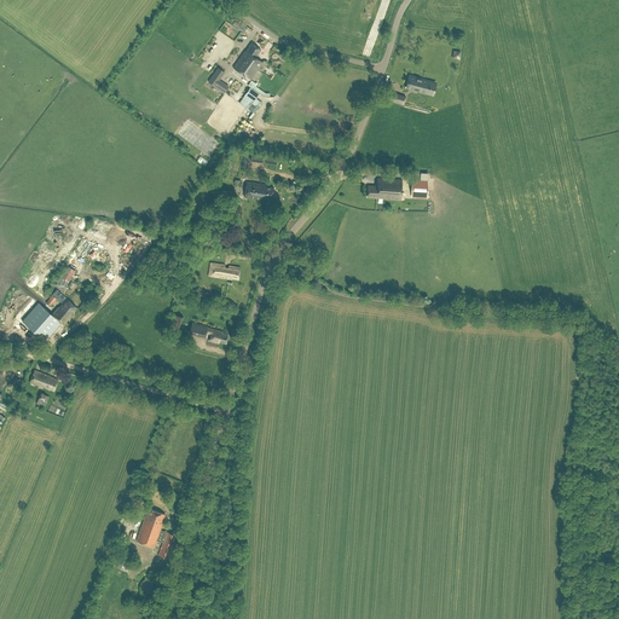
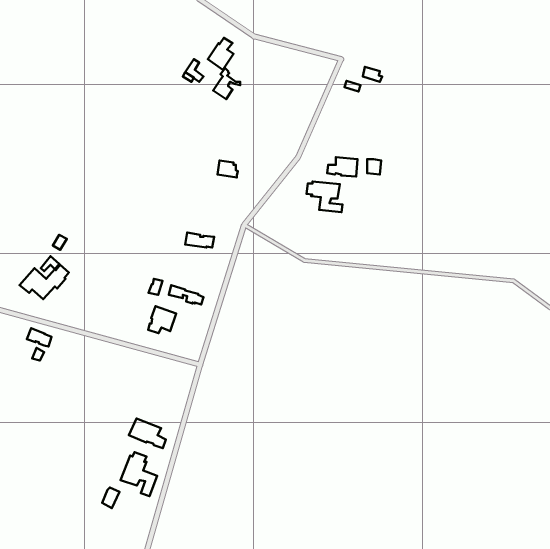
building: none -> [306,181,342,212]
building: none -> [148,306,176,333]
building: none -> [129,418,166,448]

